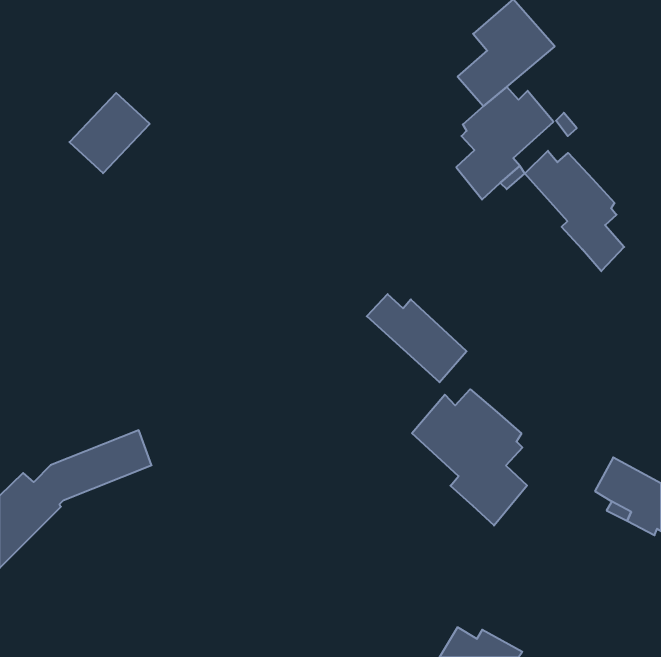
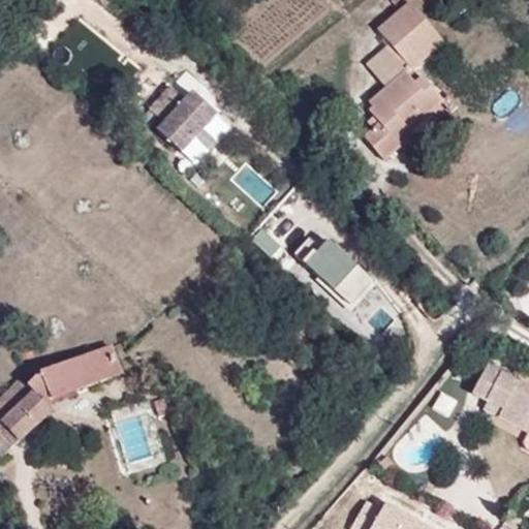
building: [69,93,150,173] -> [157,90,221,154]
building: [525,151,624,271] -> none
building: [412,389,527,526] -> none

